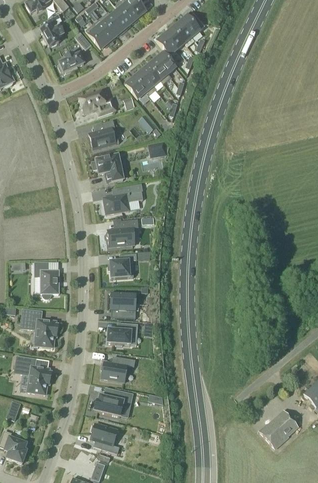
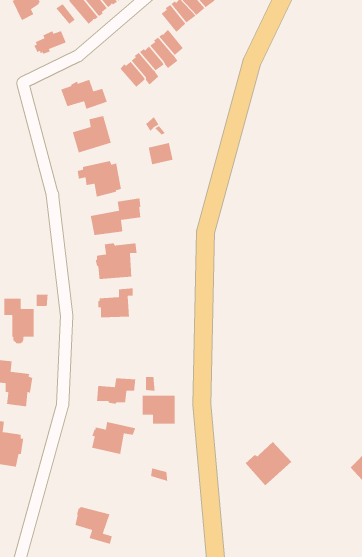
building: [110,291,136,314] -> [142,395,175,425]
building: [94,389,132,416] -> none
building: [259,413,296,448] -> [245,441,292,486]

